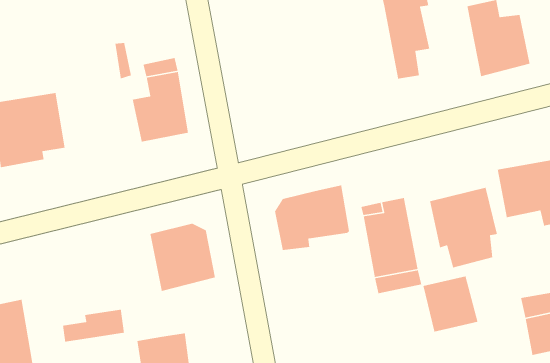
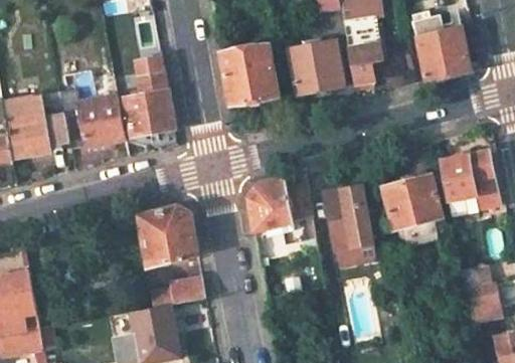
building: none -> [288,40,343,94]
building: none -> [220,43,278,104]
building: none -> [58,85,125,149]
building: [422,275,479,333] -> none
building: [62,309,125,343] -> [150,275,204,304]

